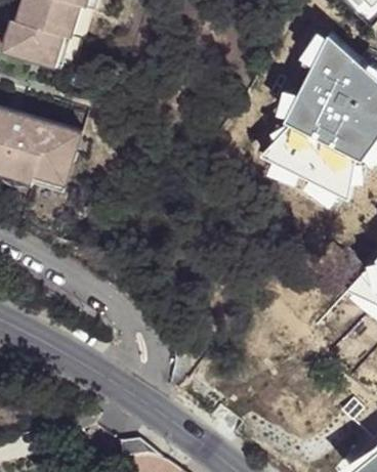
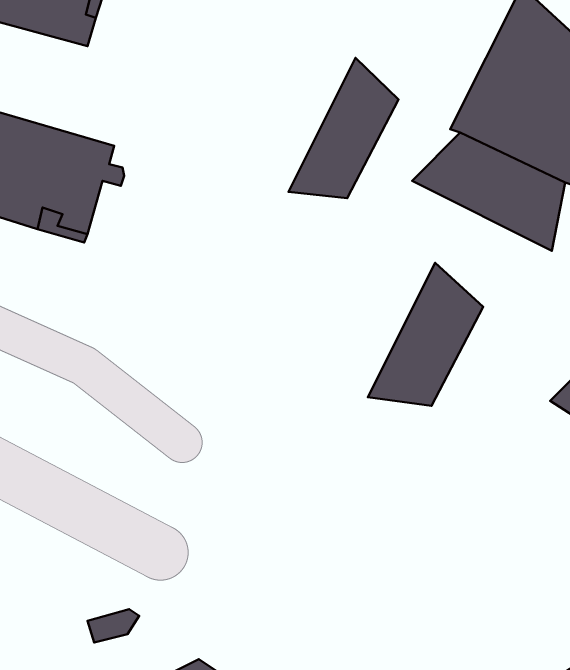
building: none -> [289,58,399,198]
building: none -> [368,263,483,406]

